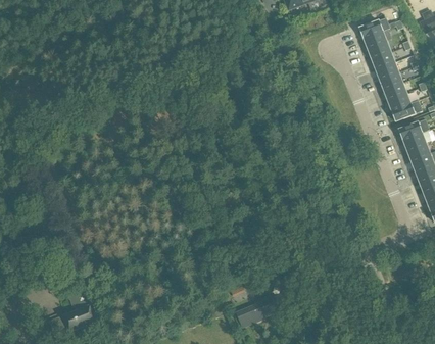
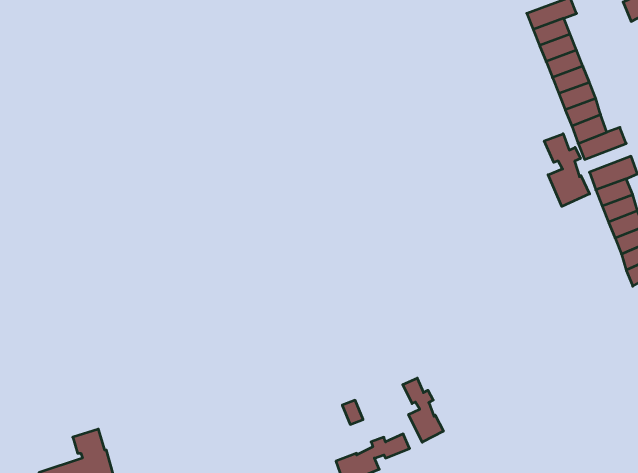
building: none -> [544,134,590,206]
building: none -> [403,378,443,442]

